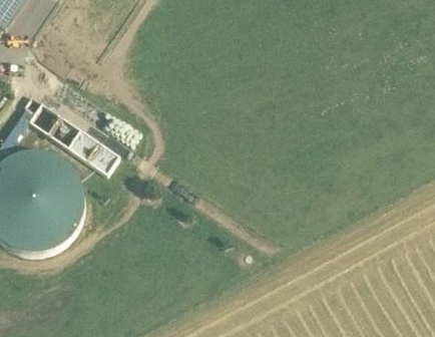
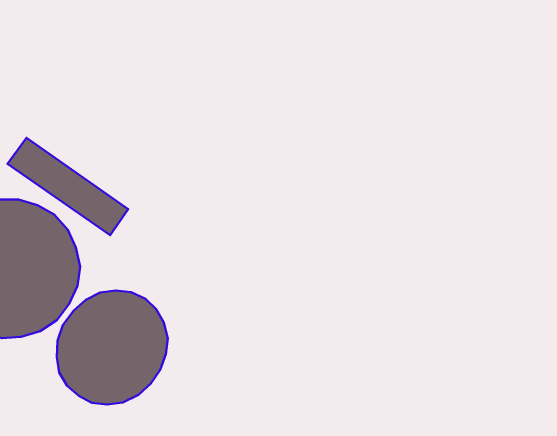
building: none -> [57,291,168,404]

